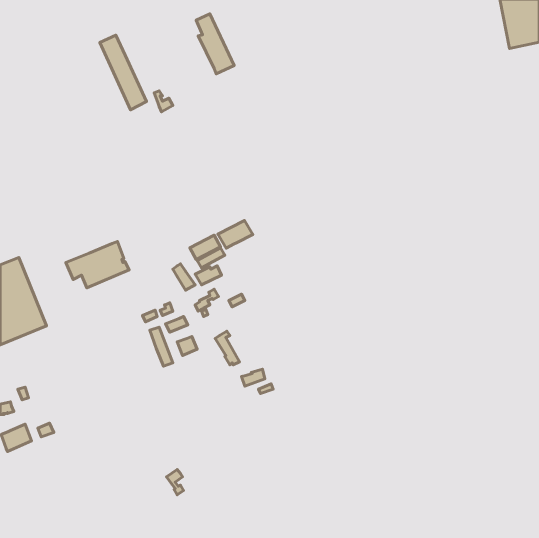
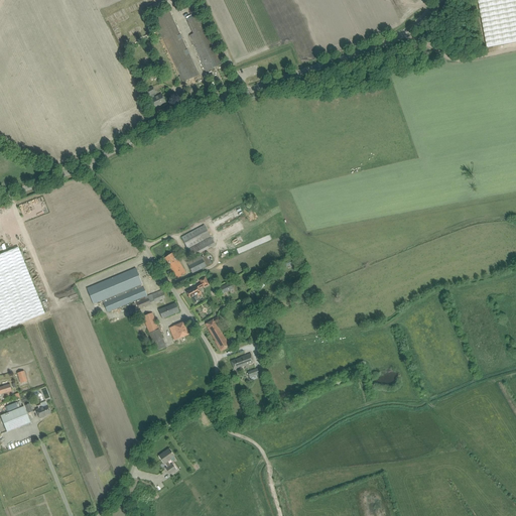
building: [100,35,146,110] -> [154,10,199,82]
building: [218,220,253,248] -> none
building: [66,241,129,288] -> [87,267,147,311]

